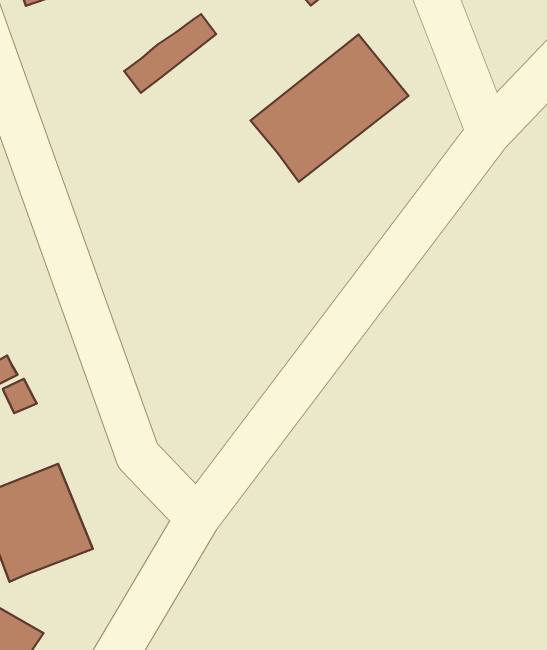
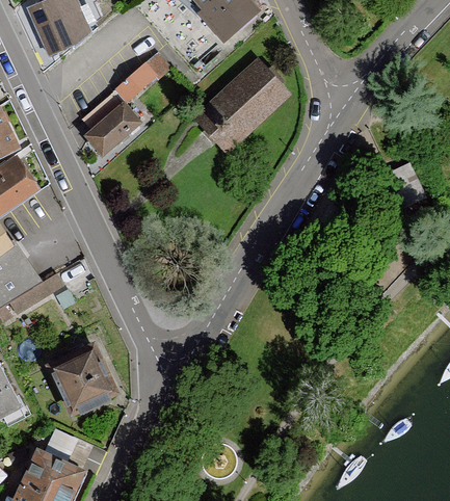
building: none -> [80,93,140,158]

